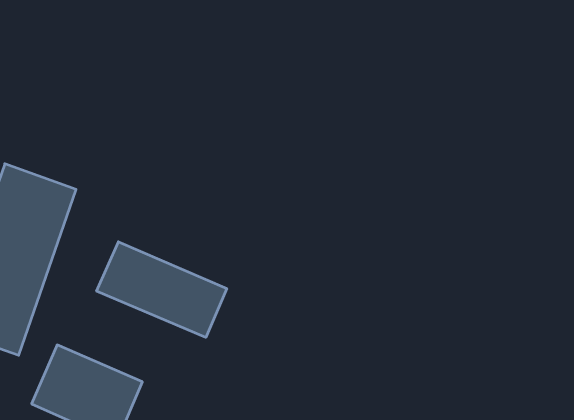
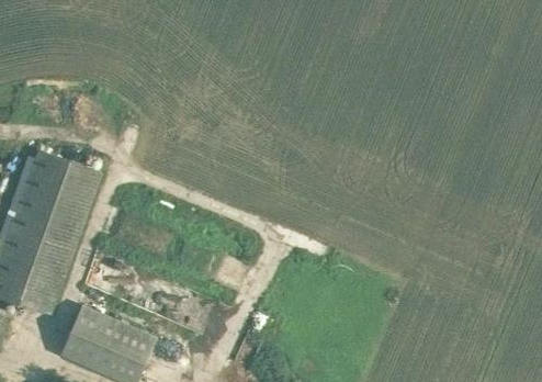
building: [97,242,227,337] -> none

